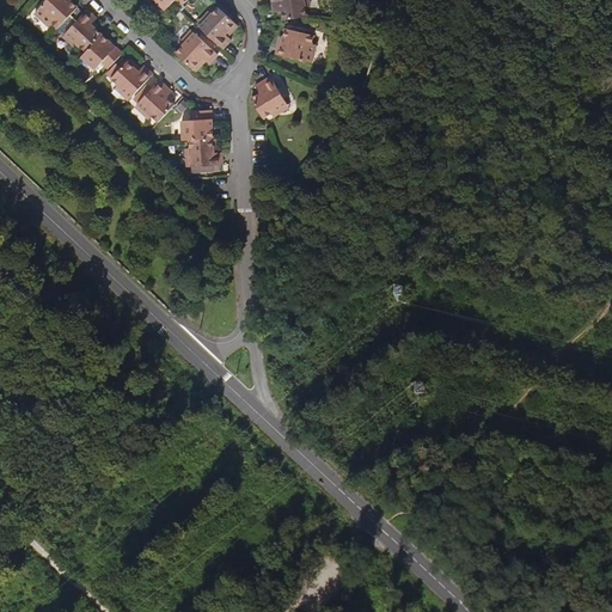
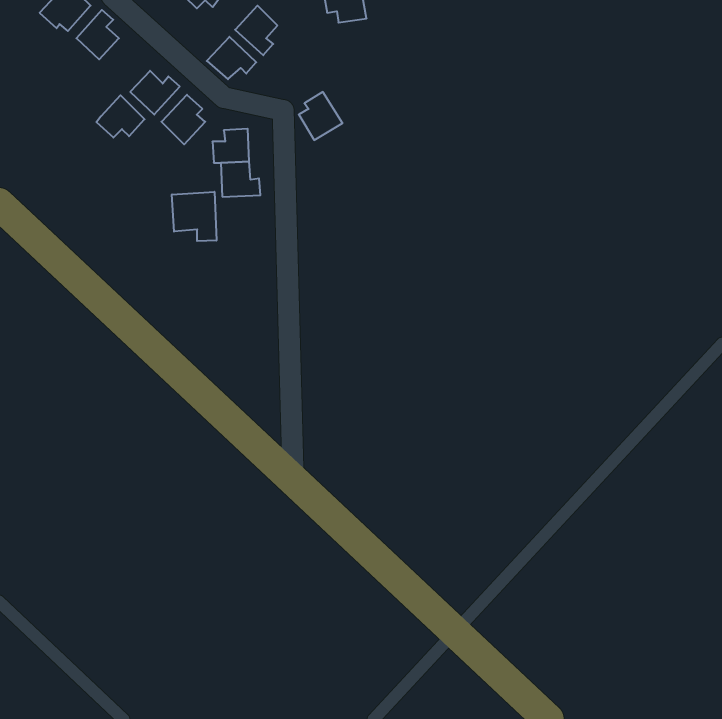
building: [277,25,318,61] -> none
building: [80,32,121,68] -> [96,95,145,138]
building: none -> [172,192,216,241]

